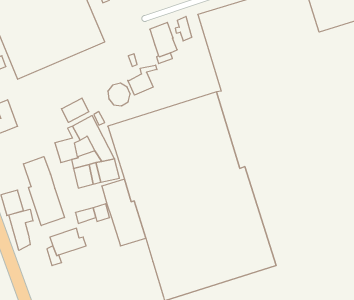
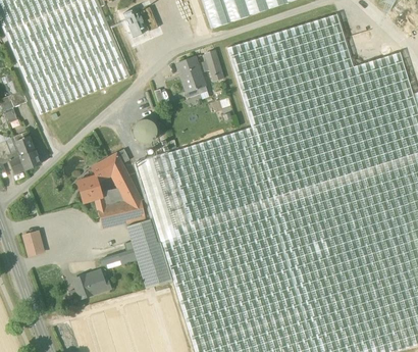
building: [128,65,157,95] -> none
building: [61,98,89,122] -> none
building: [23,157,64,226] -> none
building: [9,209,33,250] -> none

